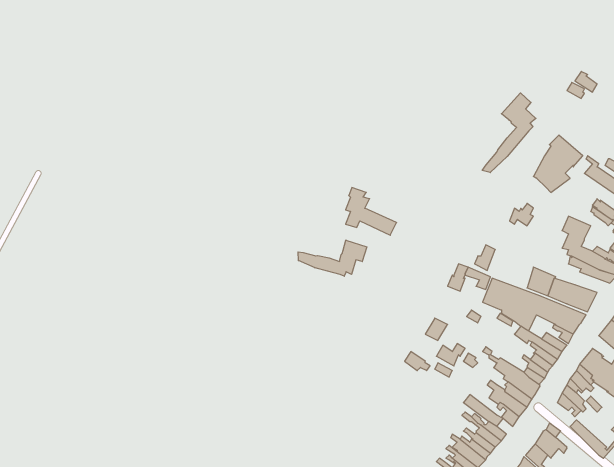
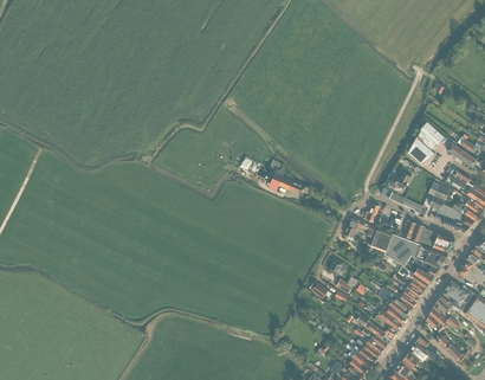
building: [482,93,536,173] -> none
building: [298,240,367,276] -> none

